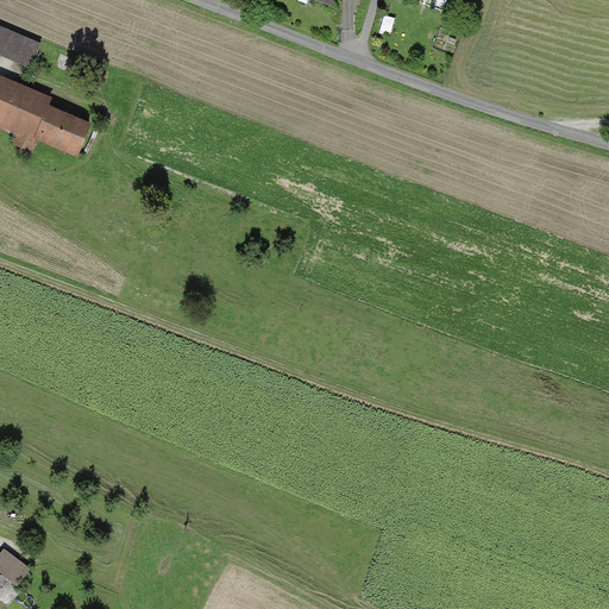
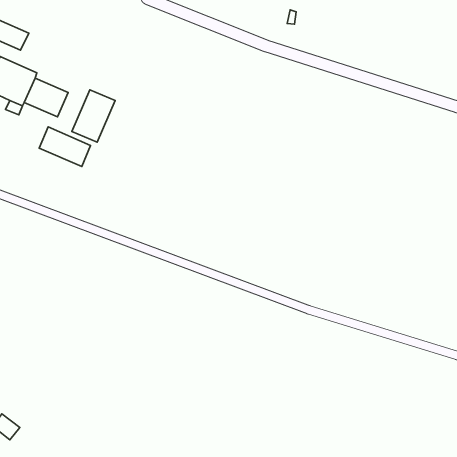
building: none -> [72,90,115,142]
building: none -> [39,127,91,167]

